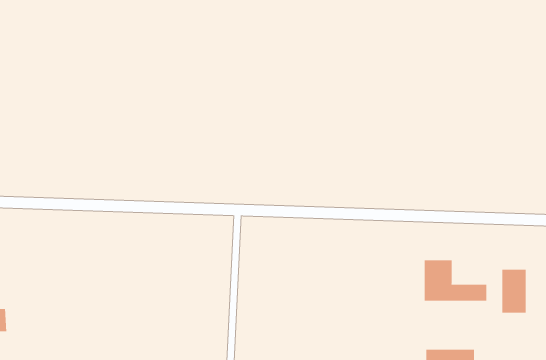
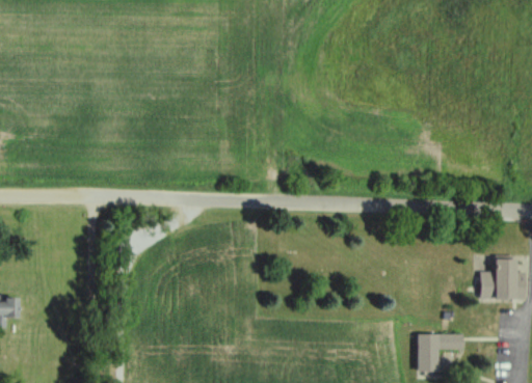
building: [424,260,487,302] -> none

